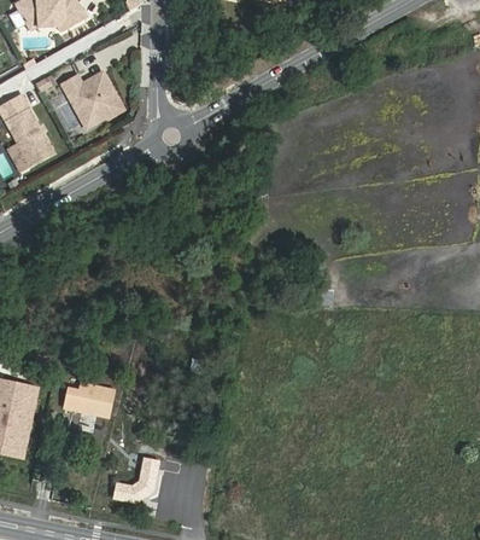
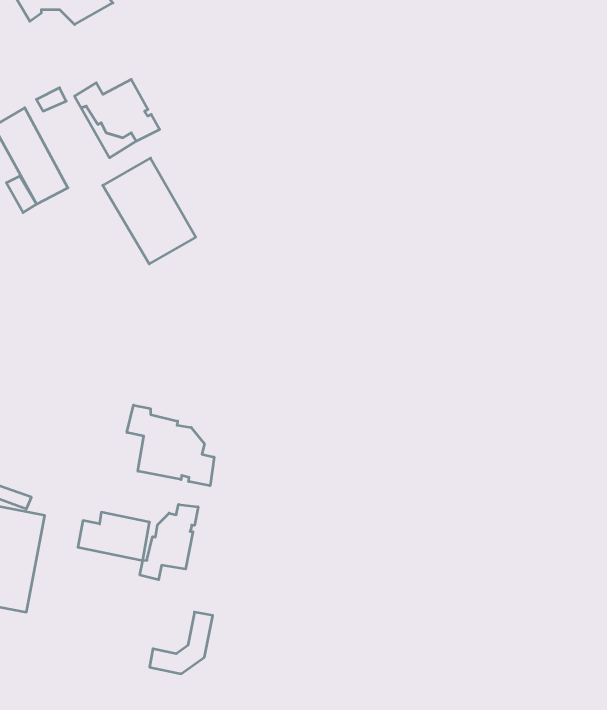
building: none -> [103,158,196,264]
building: none -> [127,405,214,486]
building: none -> [140,504,198,580]

